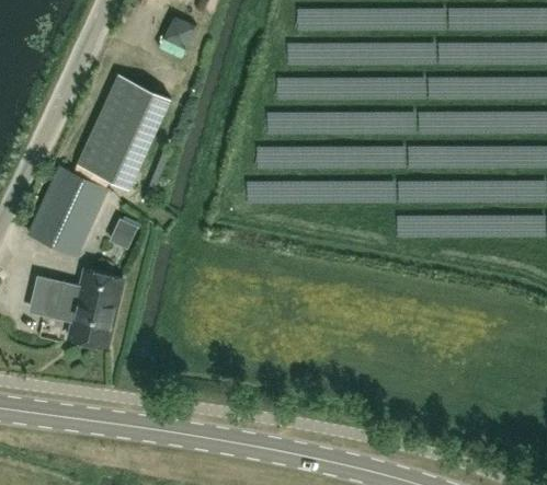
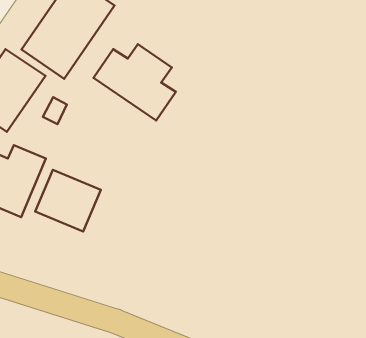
building: none -> [94,44,176,120]
building: none -> [35,170,101,231]

